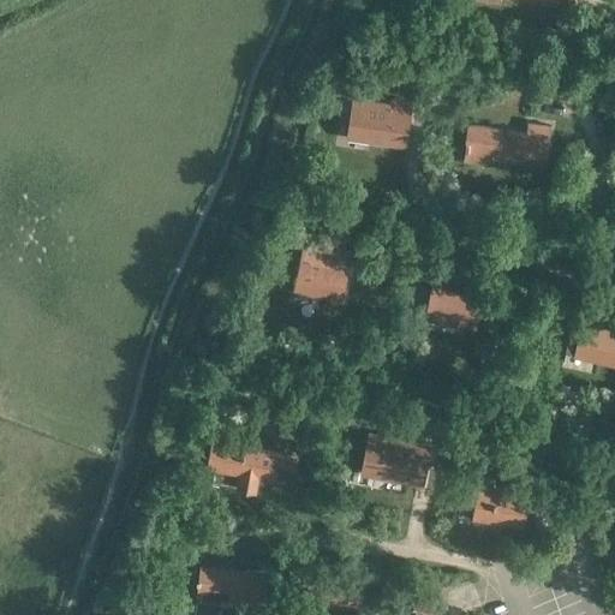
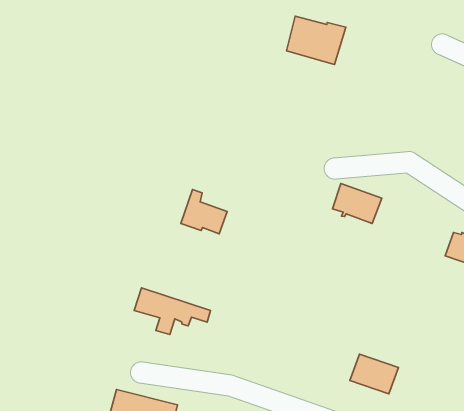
building: [464,126,550,167] -> none
building: [295,253,348,301] -> [181,190,227,234]
building: [363,437,429,486] -> none

